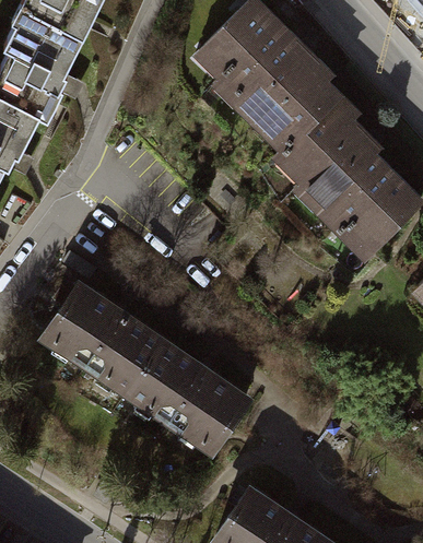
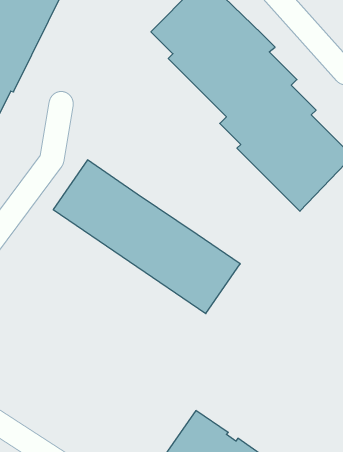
building: [42,283,256,459] -> [53,160,240,314]

